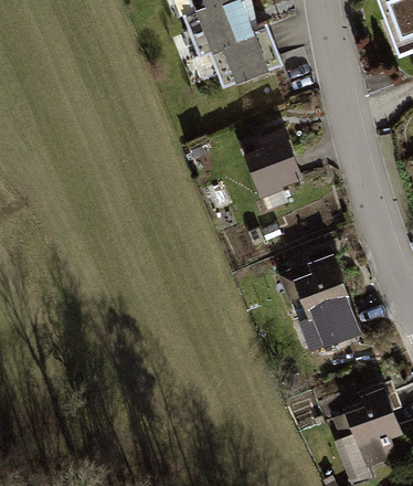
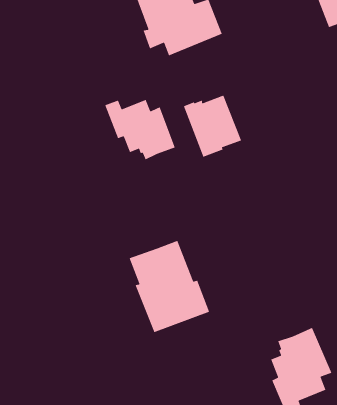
building: none -> [104,99,176,160]
building: [278,254,368,357] -> [129,240,210,333]

